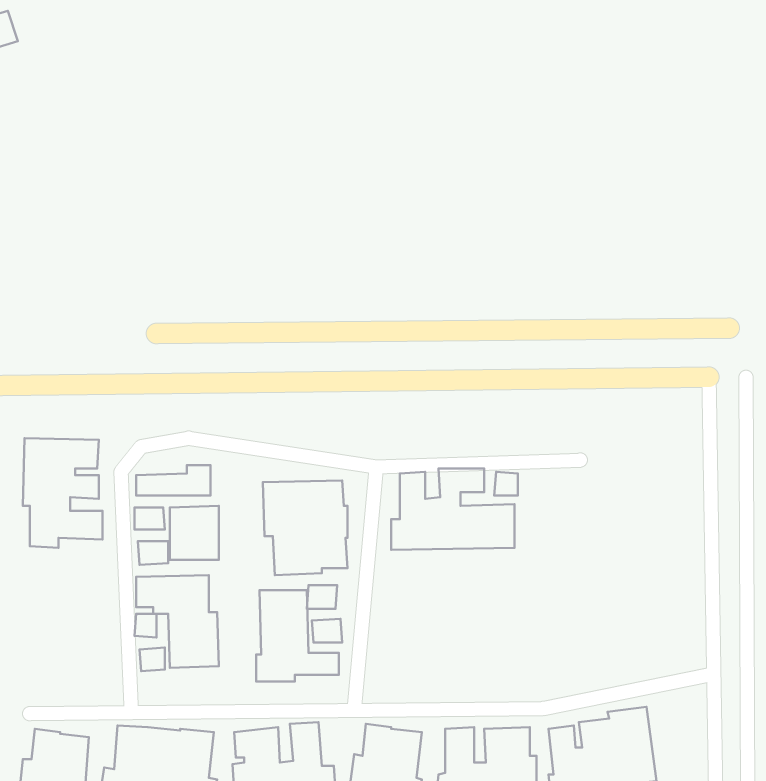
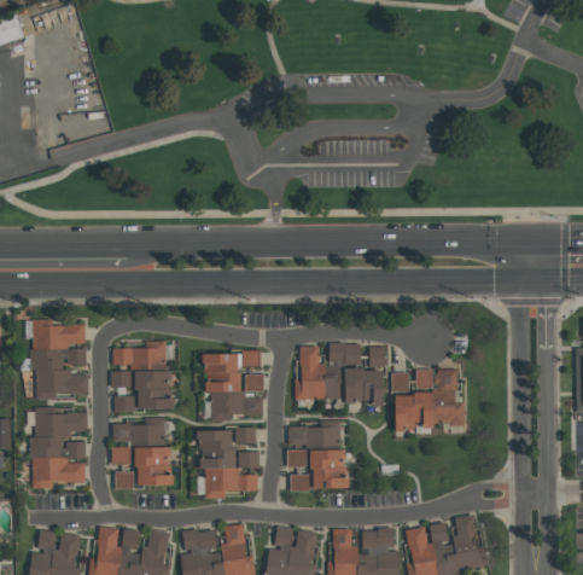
building: none -> [392,370,464,429]
building: none -> [30,411,88,487]
building: none -> [287,423,344,490]

